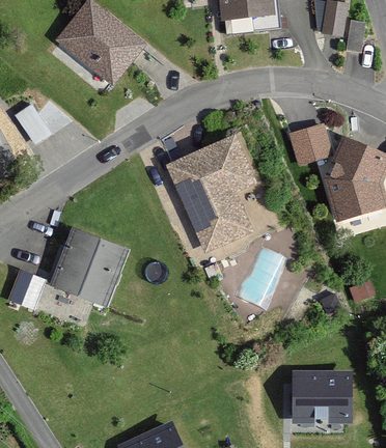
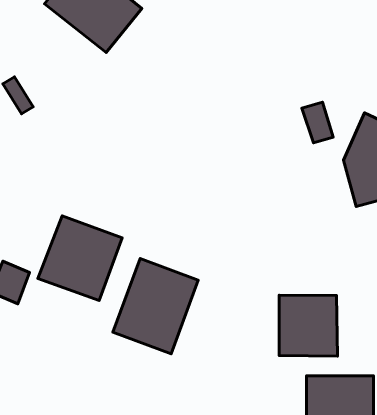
building: [165,135,254,252] -> none
building: none -> [113,259,198,354]
building: none -> [279,295,338,356]

